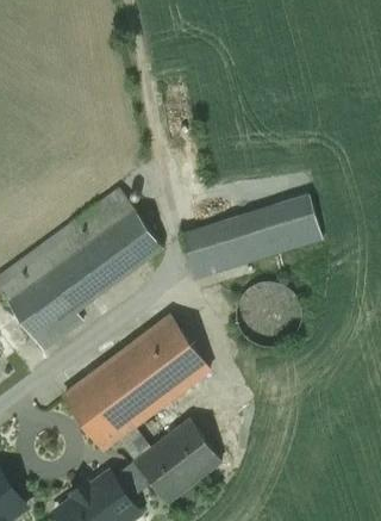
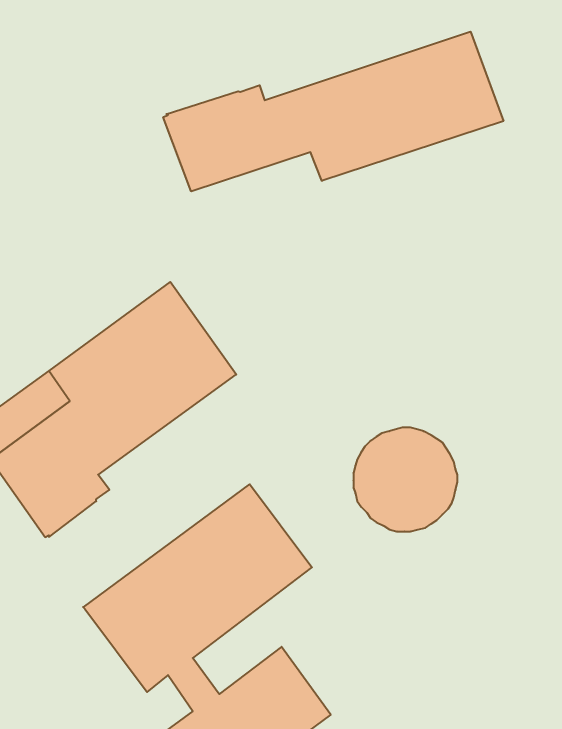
building: none -> [163,32,503,191]
building: [179,194,319,275] -> none

